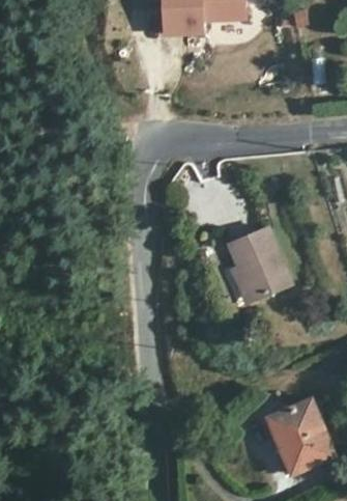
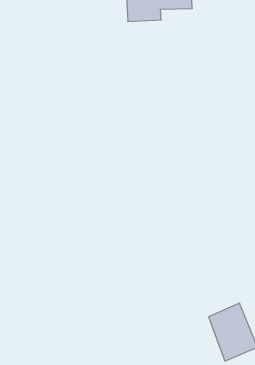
building: [236,223,292,293] -> none

